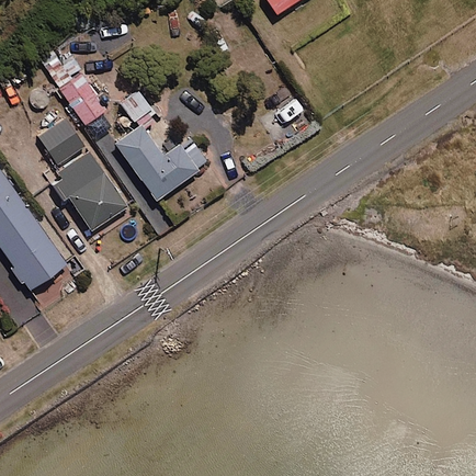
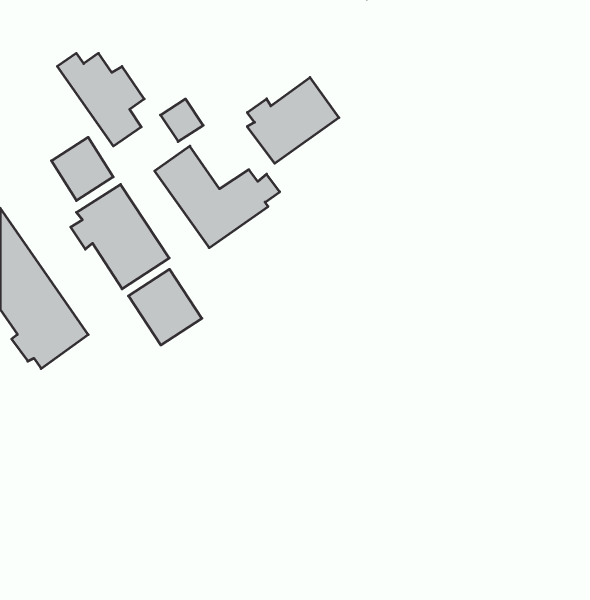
building: none -> [247,77,339,163]
building: none -> [128,269,202,345]

